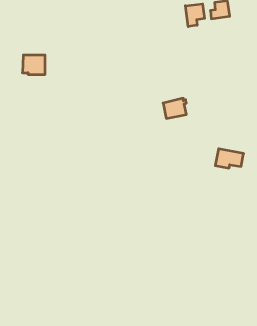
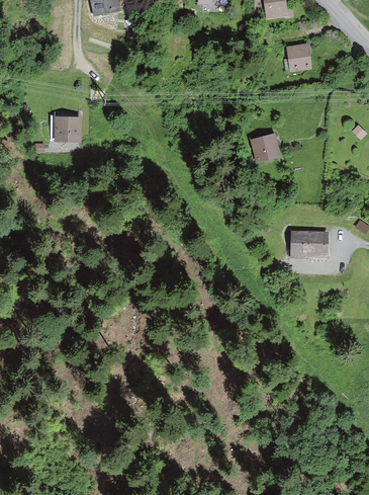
building: [185,4,205,27] -> none
building: [163,98,186,118] -> [252,134,281,159]

